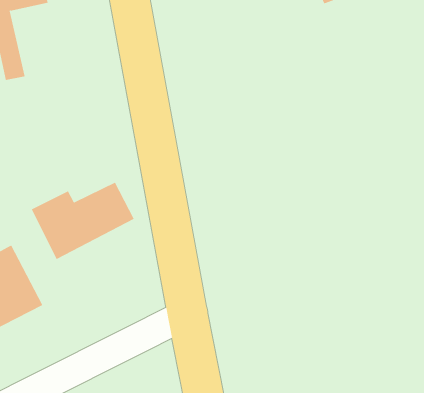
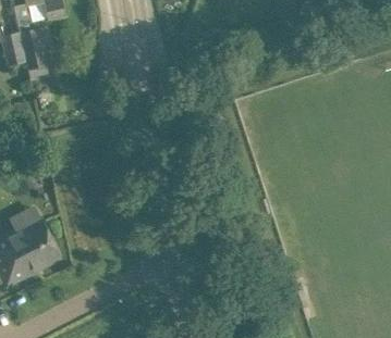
building: [31,182,135,260] -> none

